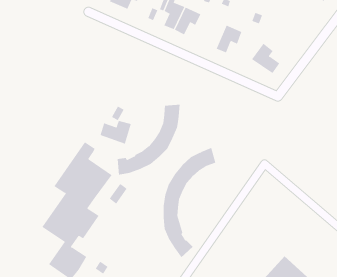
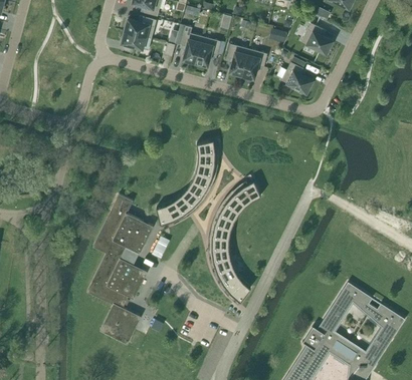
building: none -> [300,22,332,53]
building: none -> [226,43,248,75]
building: [100,120,131,144] -> none

